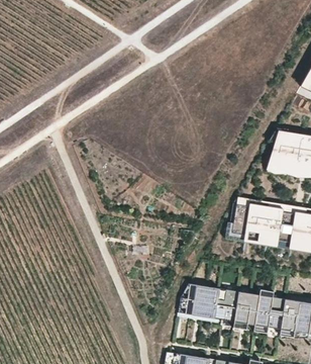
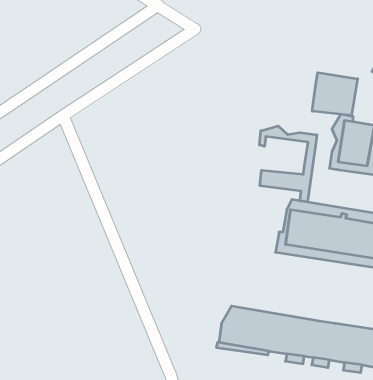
building: none -> [312,73,358,115]
building: none -> [259,126,317,202]

